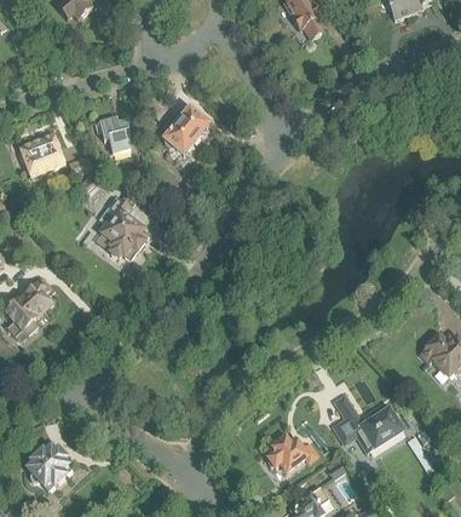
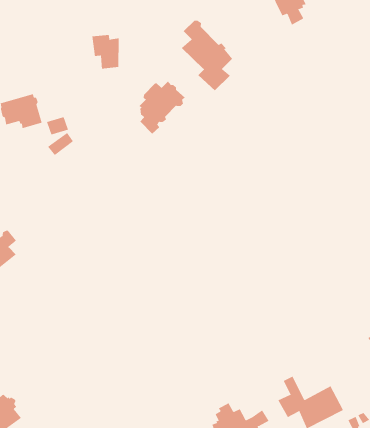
building: none -> [181,20,233,91]
building: [98,116,129,153] -> [91,34,120,69]
building: [99,197,148,259] -> none

